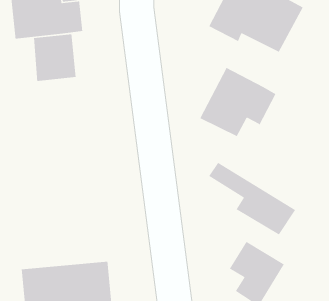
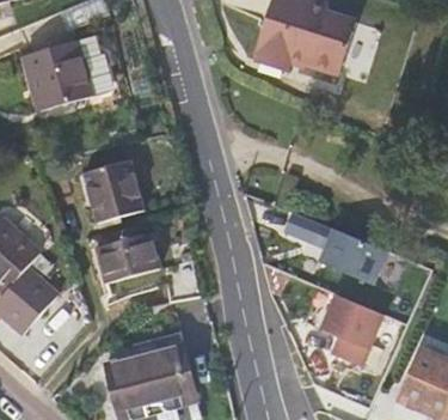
building: [33,33,77,82] -> [85,159,141,220]
building: [199,67,276,137] -> none
building: none -> [96,231,159,281]

